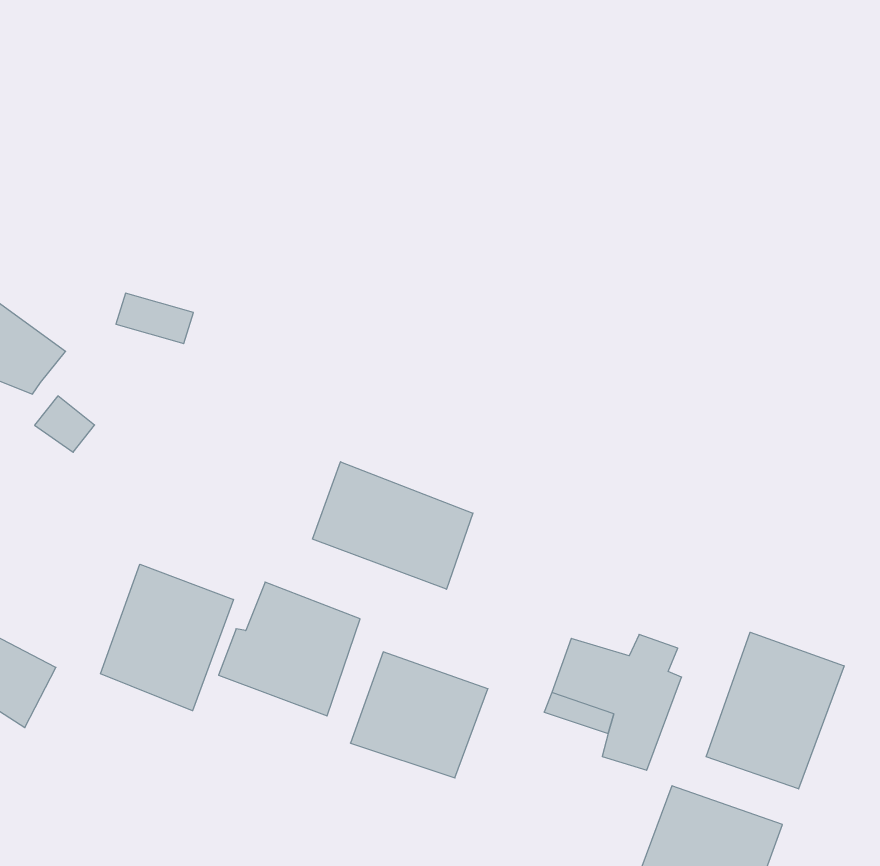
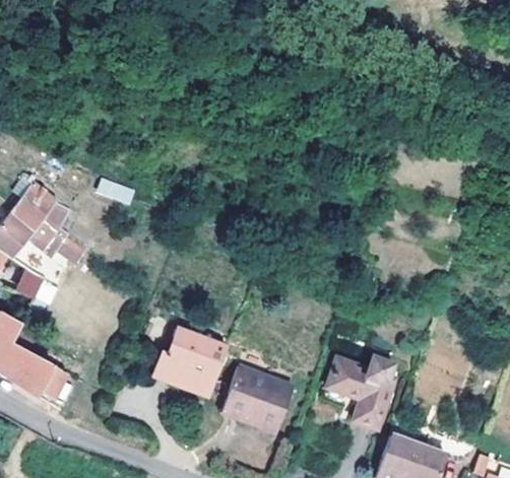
building: [313,462,473,589] -> none
building: [100,564,233,711] -> none
building: [706,632,844,789] -> none

